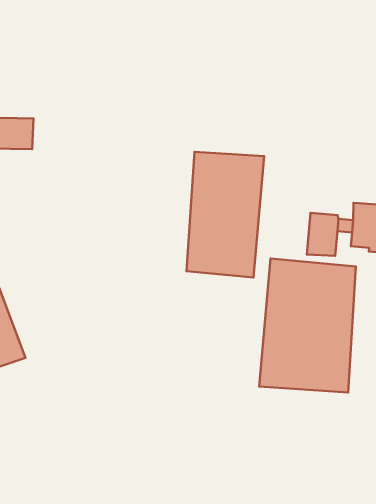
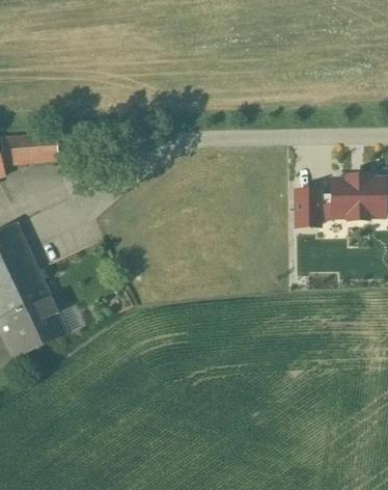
building: [186,152,264,277] -> none
building: [259,259,356,392] -> none

